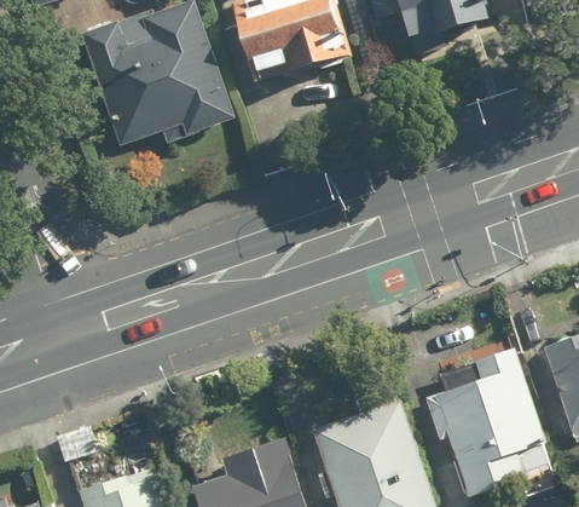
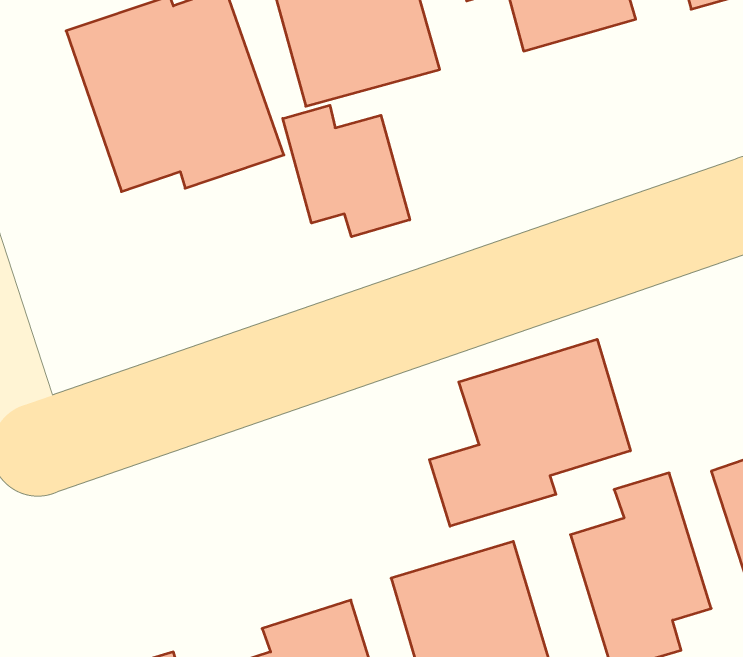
building: none -> [283,105,410,237]
building: none -> [429,339,630,526]

